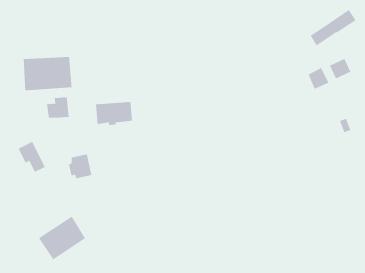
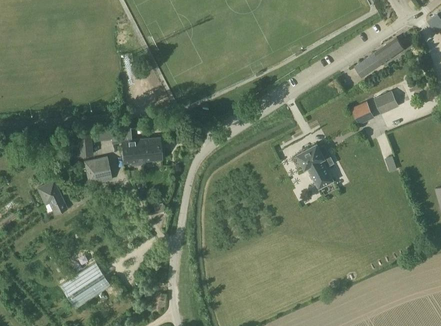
building: [23,56,72,91] -> none
building: none -> [297,145,333,189]
building: [68,154,92,179] -> [86,157,112,184]

